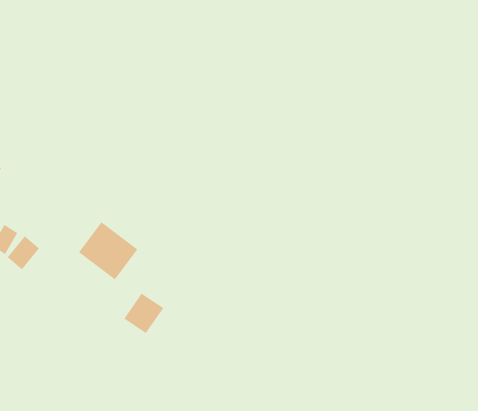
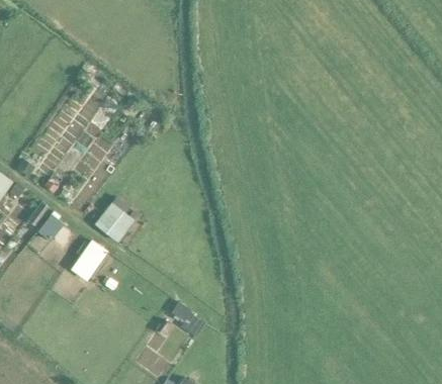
building: [123,293,164,334] -> [73,242,105,274]

